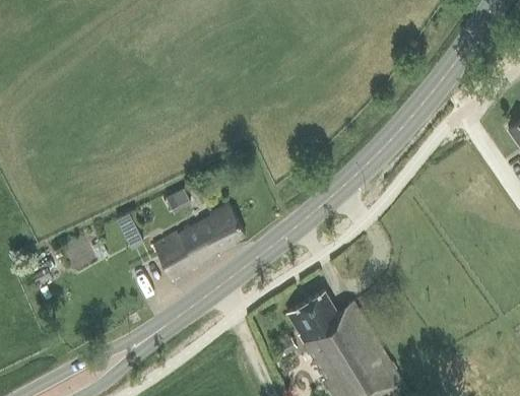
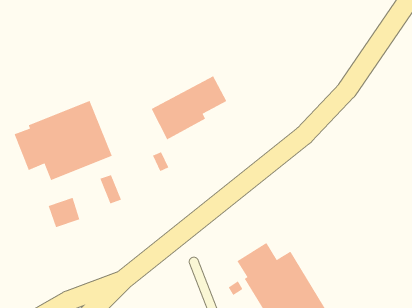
building: none -> [14,100,112,181]
building: [151,204,243,281] -> [151,76,227,140]

